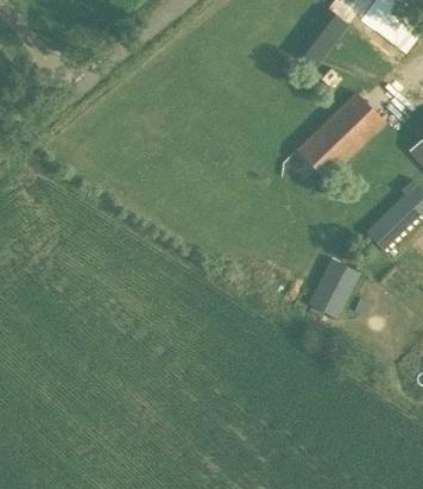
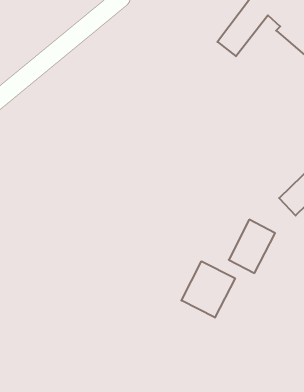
building: [295,90,385,181] -> none
building: none -> [181,261,235,318]

